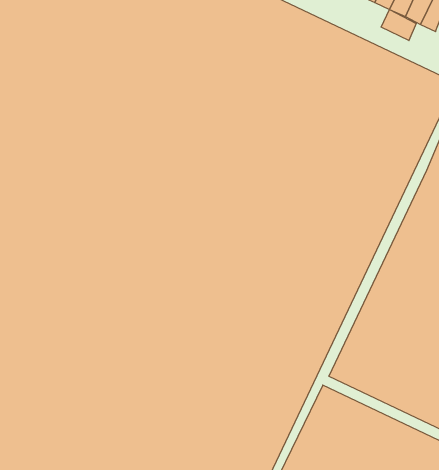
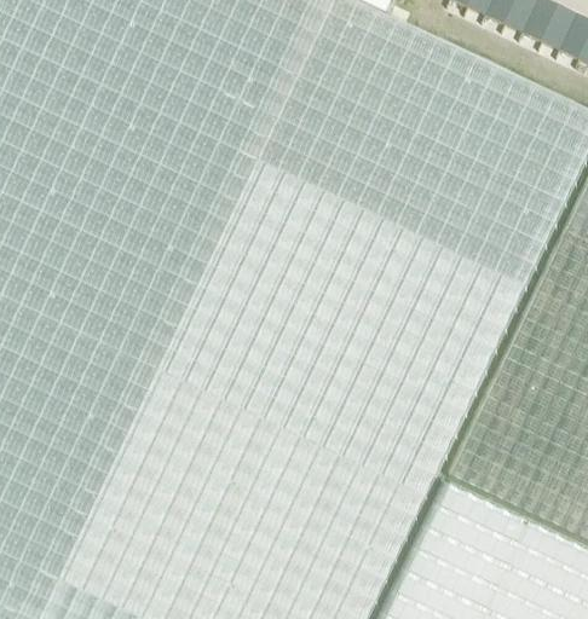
building: [381,10,416,41] -> none

